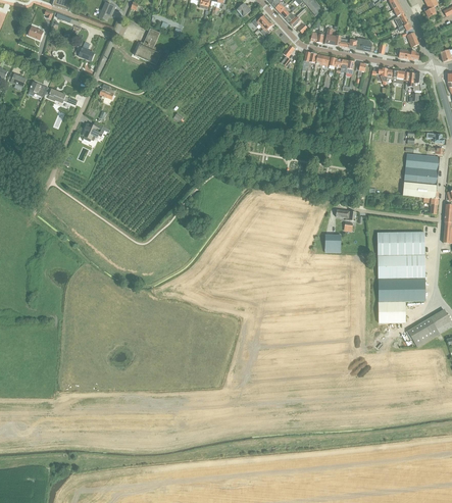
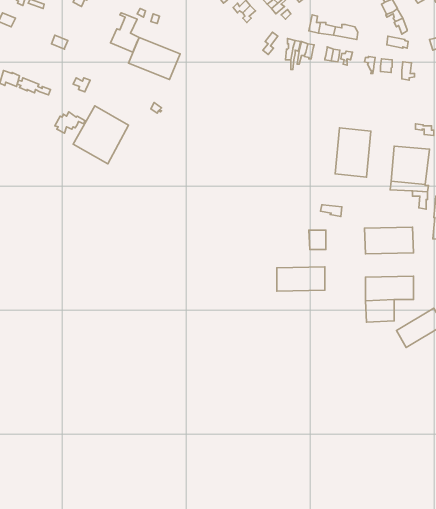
building: none -> [128,37,180,79]
building: none -> [73,106,129,164]
building: none -> [335,128,371,177]
building: [379,255,424,279] -> [277,267,325,291]

